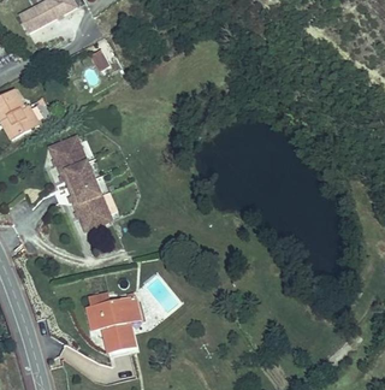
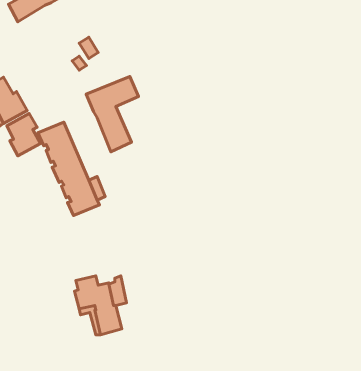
building: none -> [86,76,138,152]
building: none -> [7,113,41,156]

